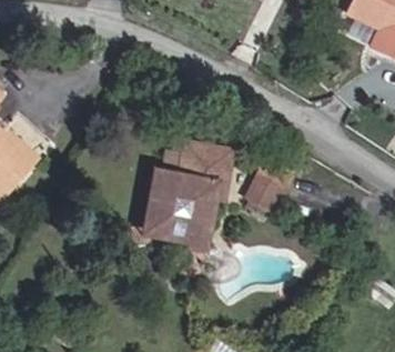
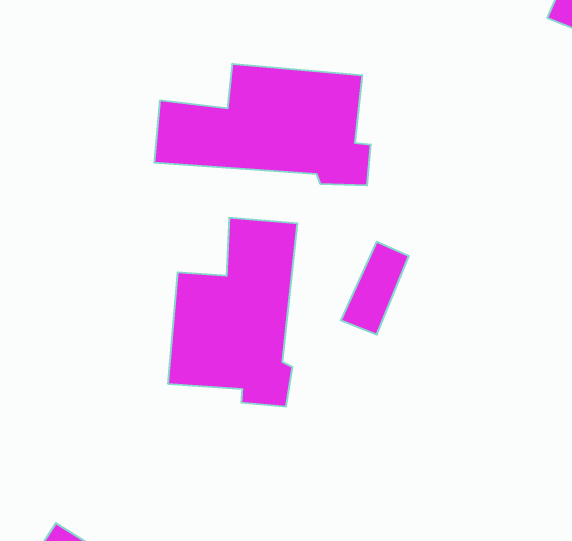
building: none -> [154,64,371,186]

